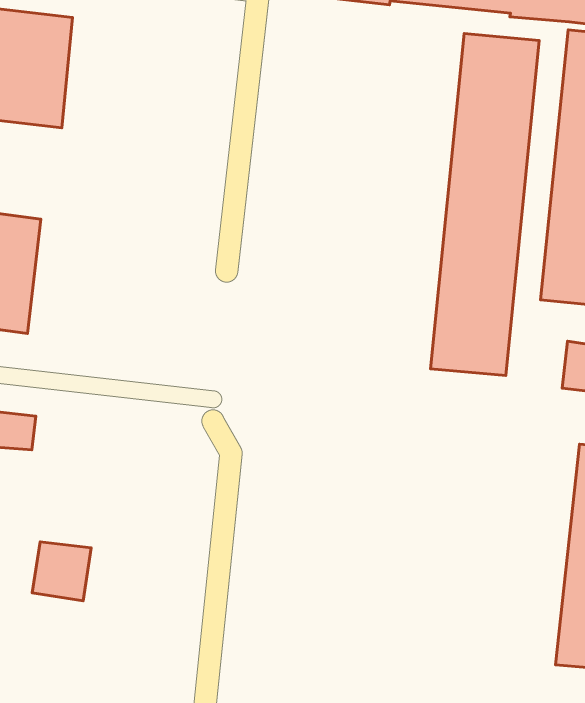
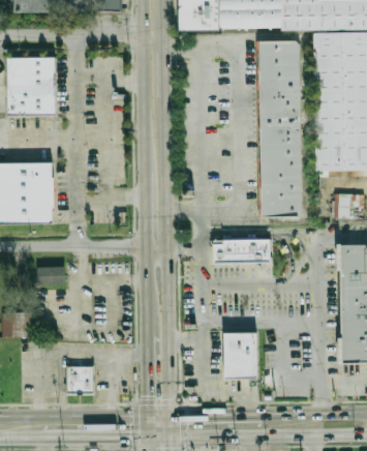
building: none -> [209,239,267,262]
building: [32,542,91,601] -> [66,366,94,394]
building: none -> [224,328,258,373]

